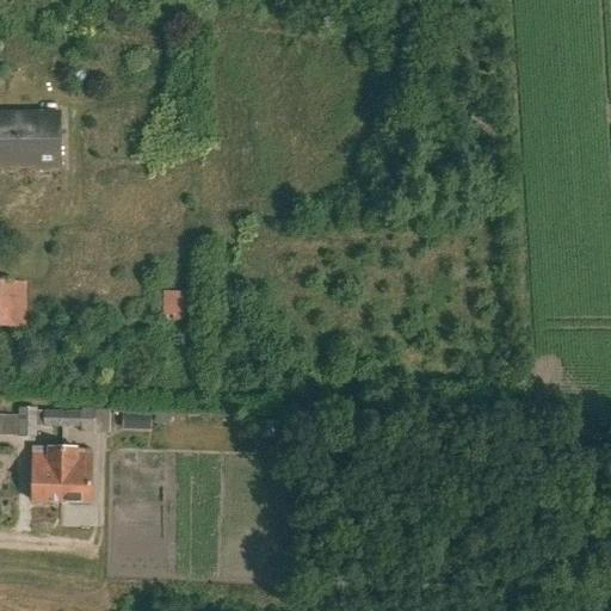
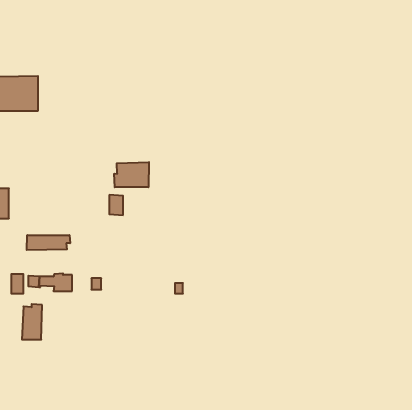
building: none -> [114,162,149,187]
building: none -> [27,235,70,250]
building: [61,450,92,502] -> none

